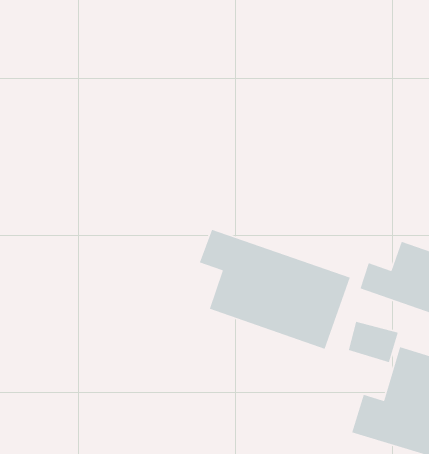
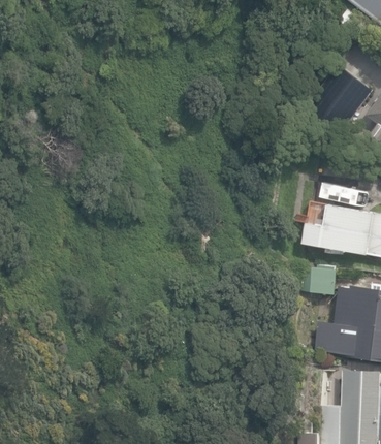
building: [199,229,351,350] -> none

